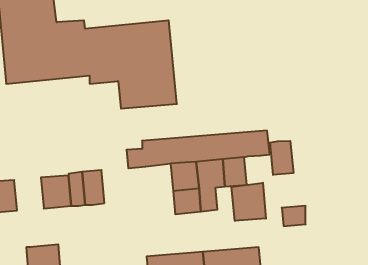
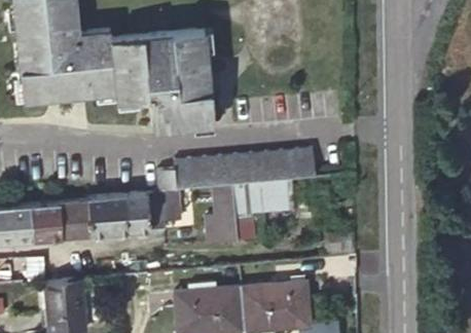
building: [270,141,293,175] -> none
building: none -> [130,190,182,231]
building: none -> [32,202,65,239]
building: [231,183,266,221] -> none

